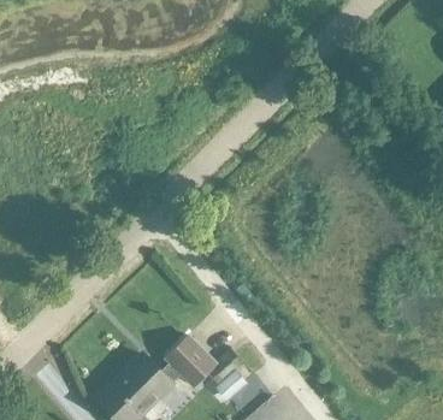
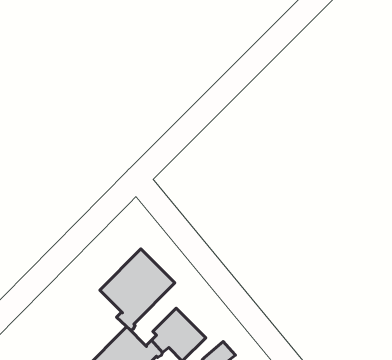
building: none -> [100,249,175,330]

